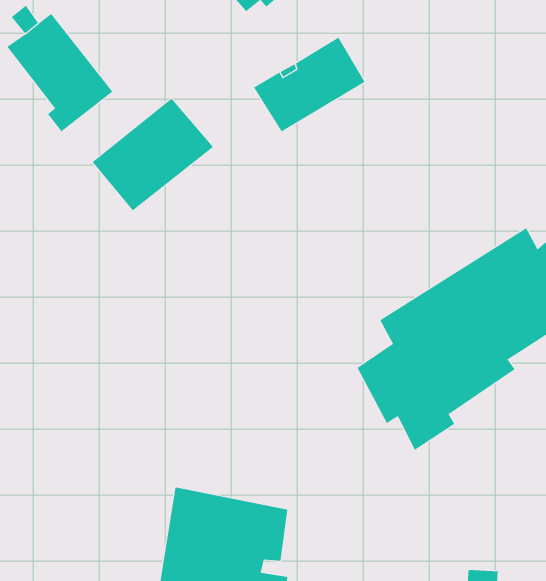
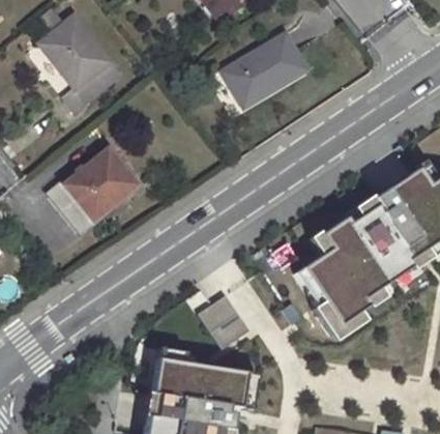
building: [92,98,214,211] -> [47,145,137,229]
building: none -> [197,290,248,345]

